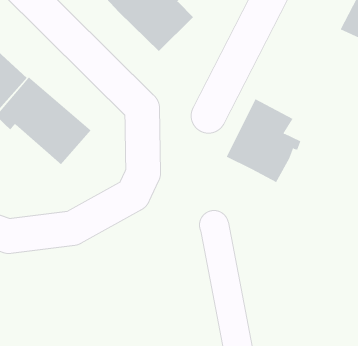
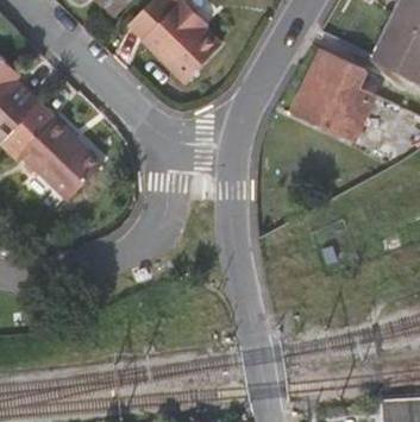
building: [226,98,301,183] -> [295,50,375,139]

